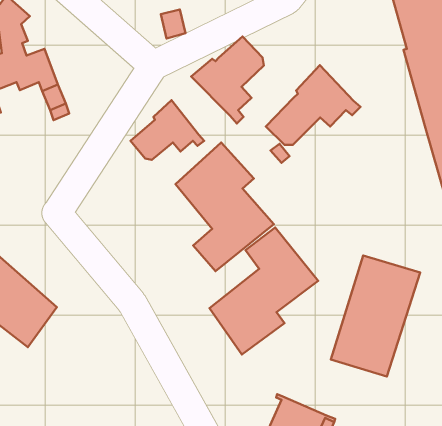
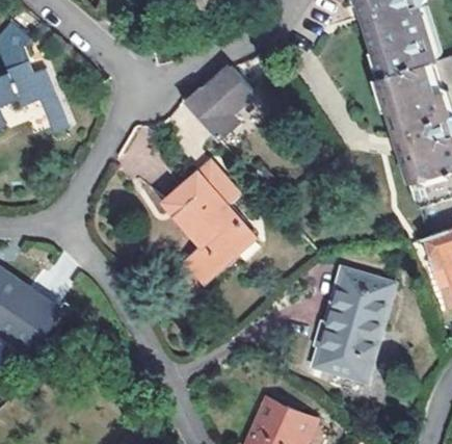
building: [266,65,361,145] -> none
building: [130,100,204,160] -> none
building: [209,228,318,355] -> none

